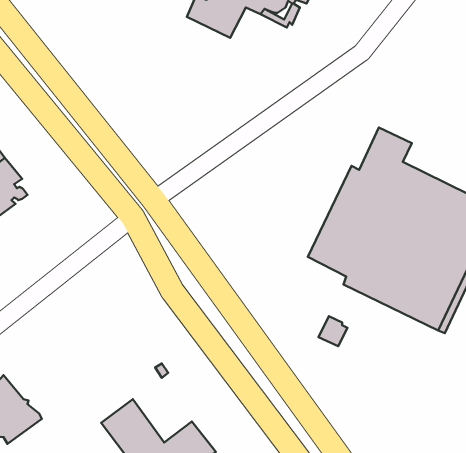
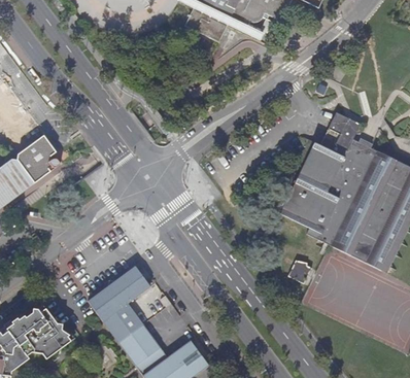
building: none -> [88,266,149,342]

